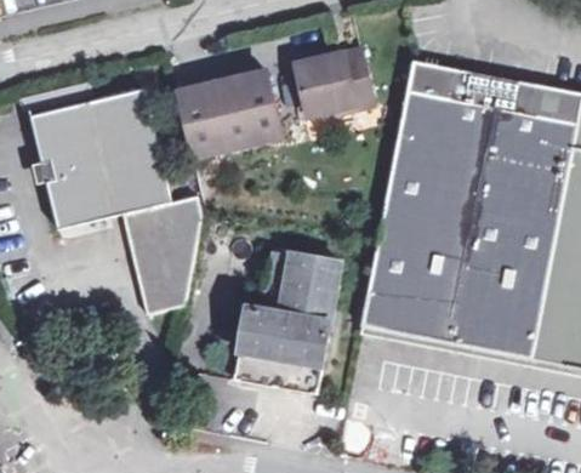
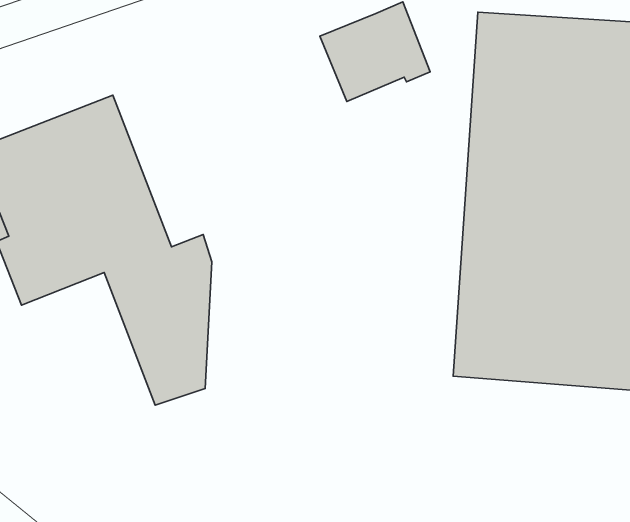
building: [182,72,284,158] -> none
building: [237,251,341,394] -> none

